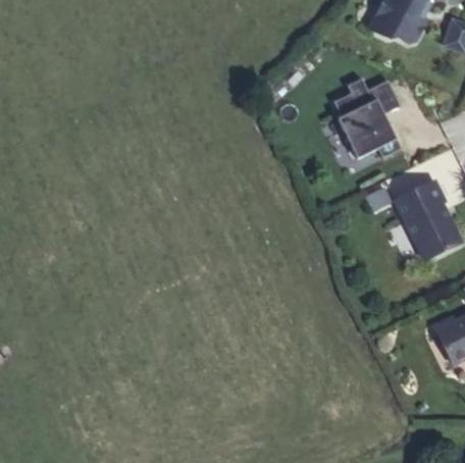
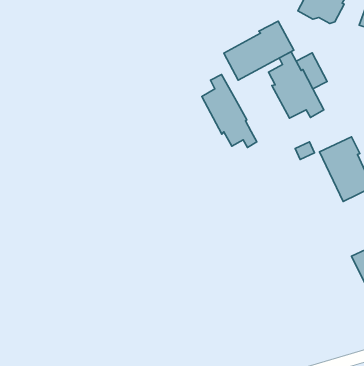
building: none -> [224,21,294,80]
building: none -> [202,74,257,147]

